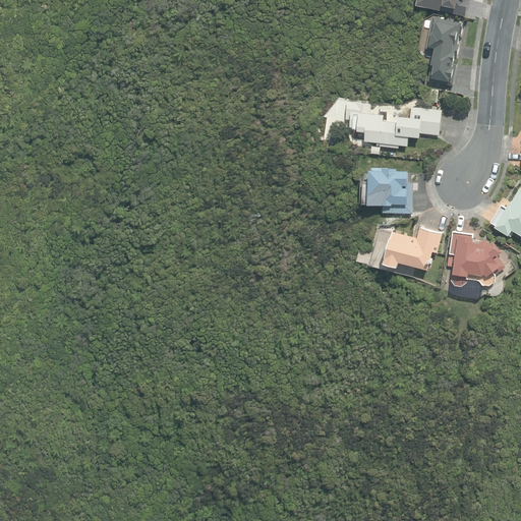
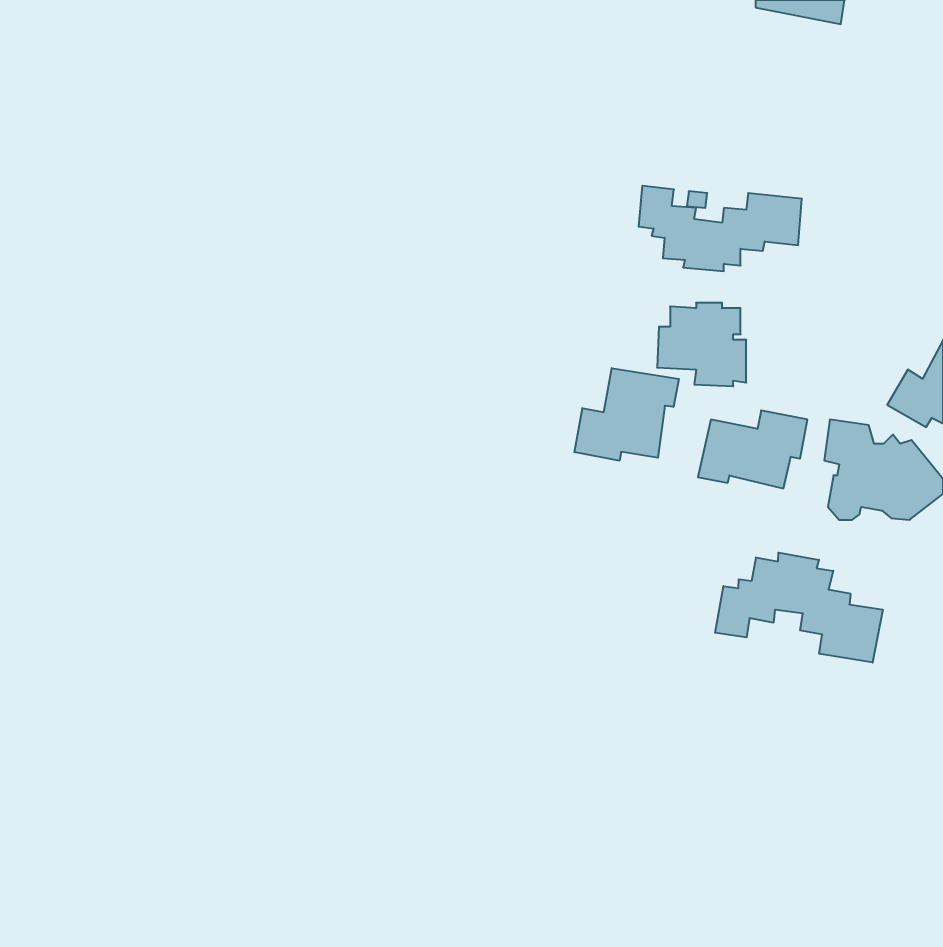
building: [424,17,459,86] -> none
building: none -> [574,368,679,461]
building: none -> [715,553,883,663]

